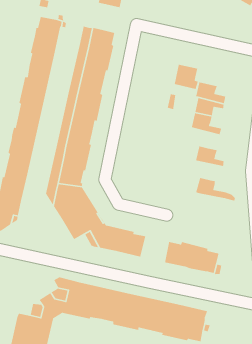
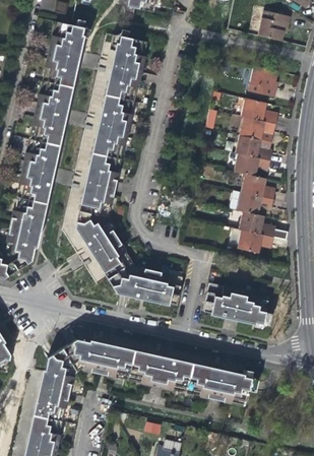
building: none -> [258,10,291,42]
building: [174,64,199,90] -> [249,66,278,96]
building: none -> [234,153,270,177]
building: none -> [231,190,274,214]
building: none -> [240,231,275,253]

